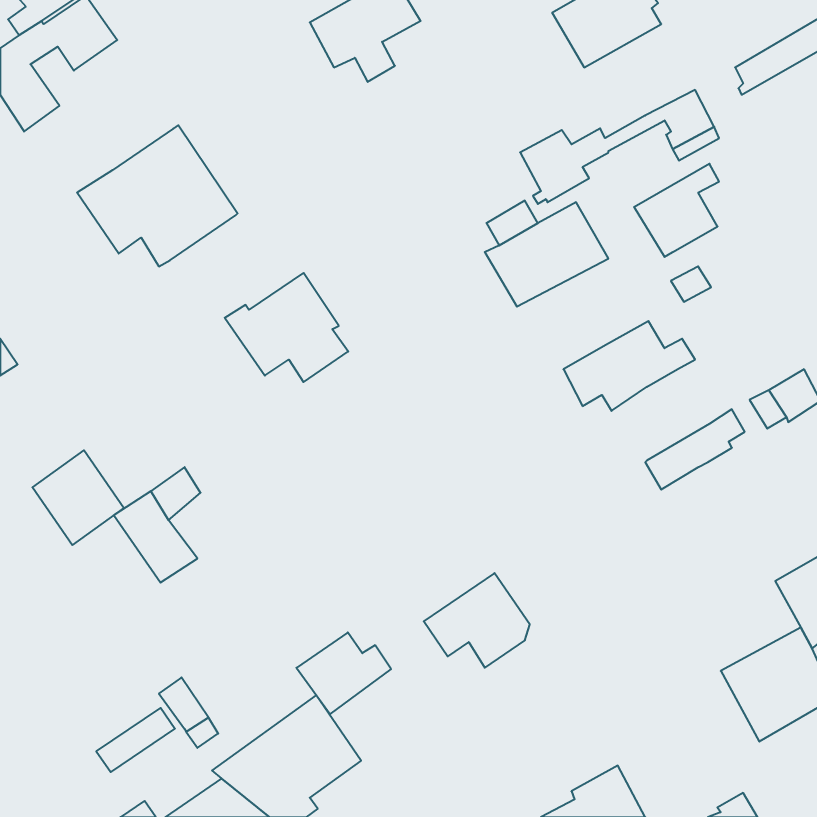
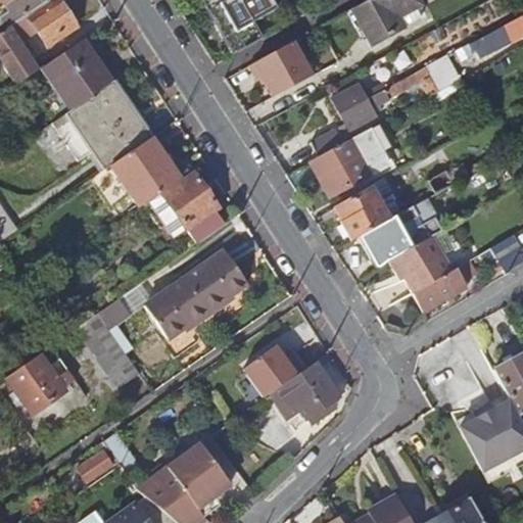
building: none -> [44,39,112,108]
building: none -> [251,41,313,95]
building: [634,164,719,257] -> [336,179,390,238]
building: none -> [110,137,180,207]
building: none -> [391,235,454,293]
building: none -> [145,250,248,339]
building: [32,450,124,545] -> [6,354,64,415]
building: [296,632,391,714] -> [244,344,304,396]

